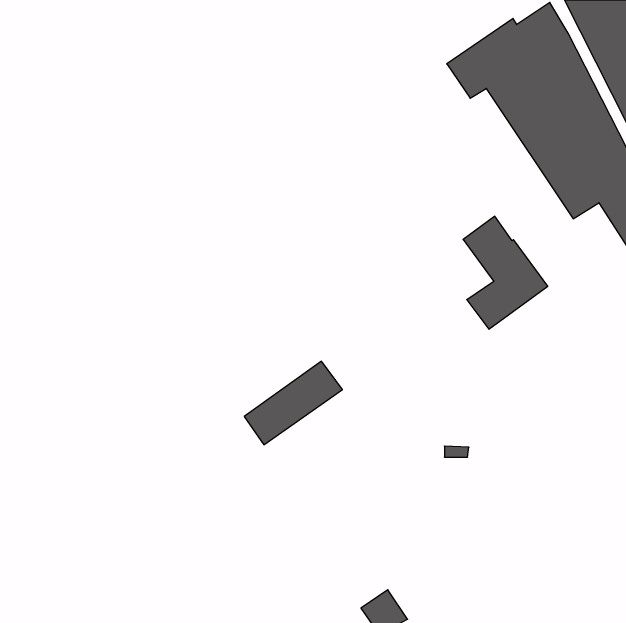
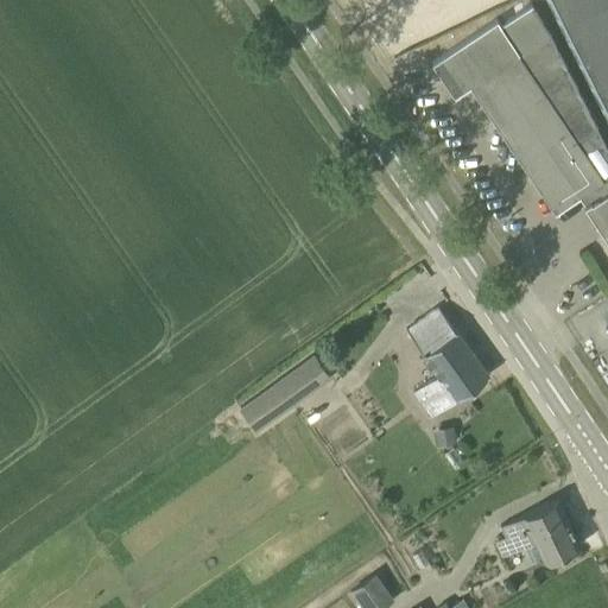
building: [463,216,548,329] -> [408,310,490,419]
building: none -> [495,502,581,566]

